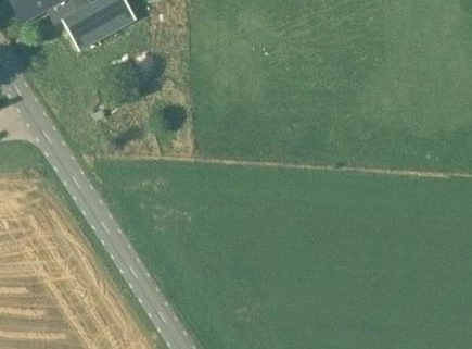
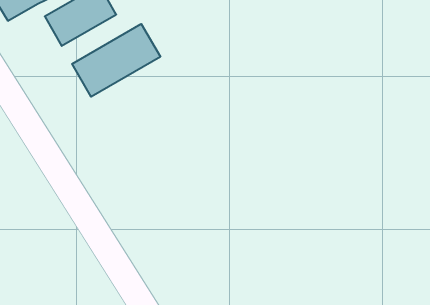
building: none -> [72,24,160,97]

